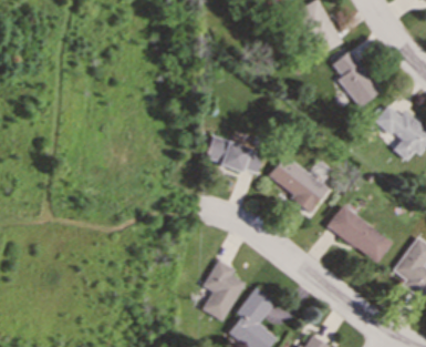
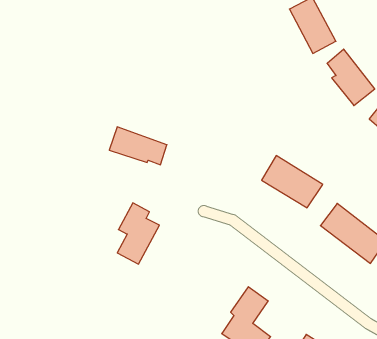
building: [205,135,262,173] -> [109,127,167,165]
building: [202,259,245,320] -> [117,203,159,264]

